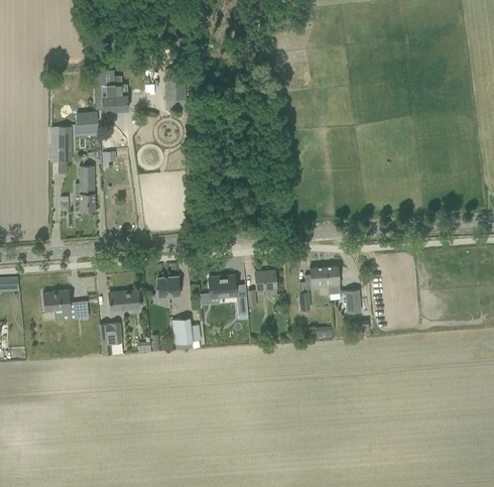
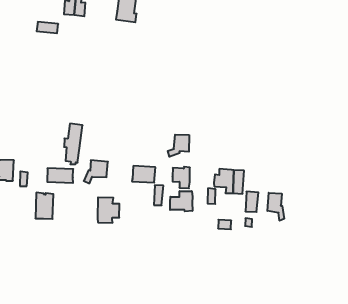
building: [51,125,72,160] -> none
building: [76,165,95,213] -> [64,124,83,164]
building: none -> [168,135,189,157]
building: none -> [267,193,284,221]
building: none -> [170,191,193,211]

